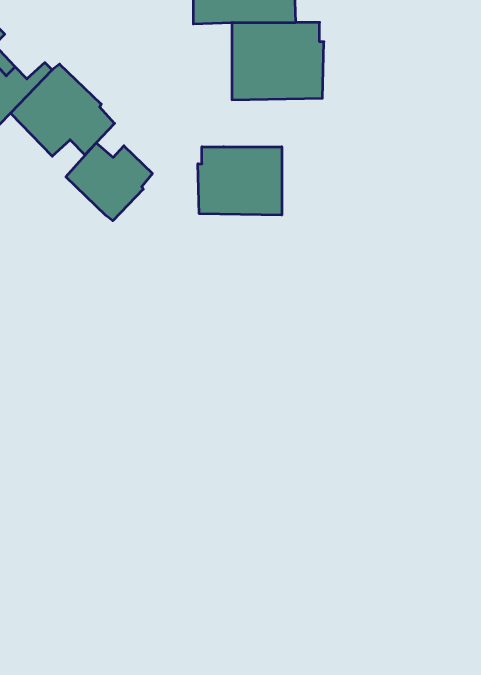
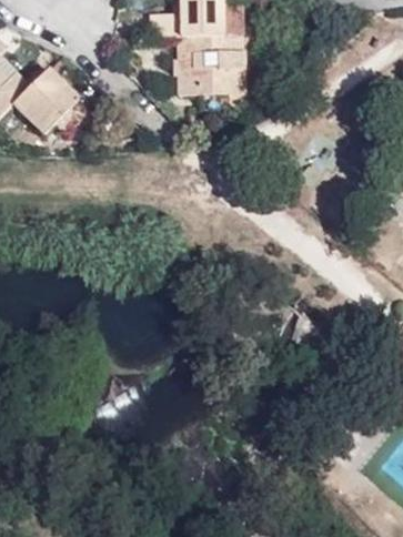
building: [66,143,152,221] -> none
building: [198,147,282,215] -> none

